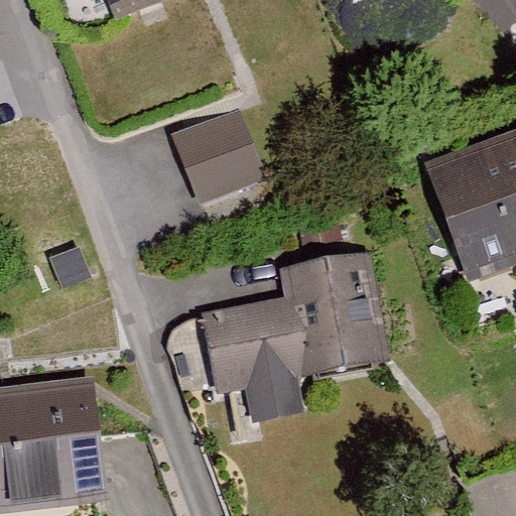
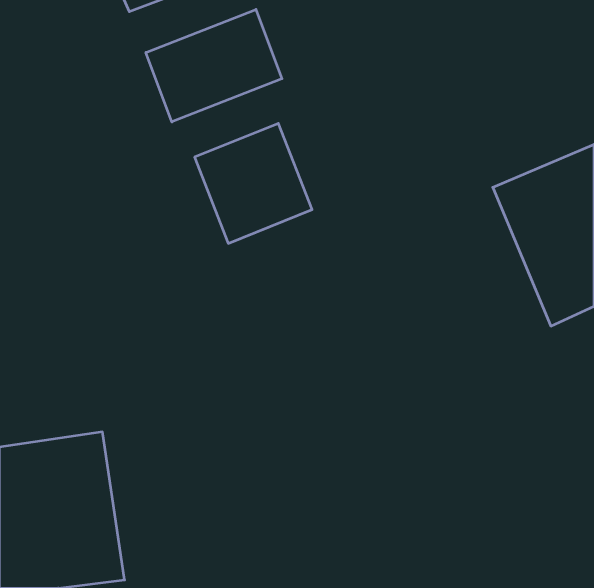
building: none -> [146,9,282,122]
building: [196,251,374,427] -> none

